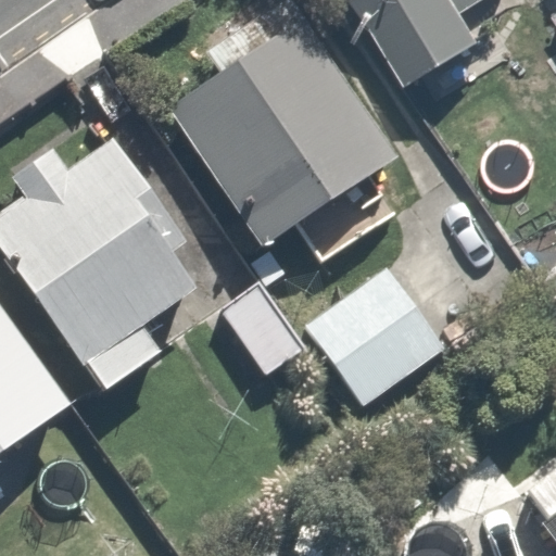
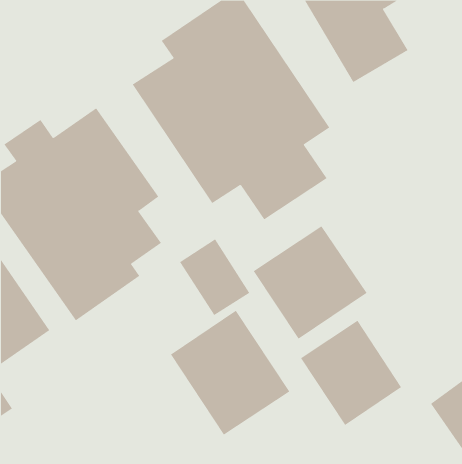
building: none -> [170,310,290,436]
building: none -> [300,320,402,426]

